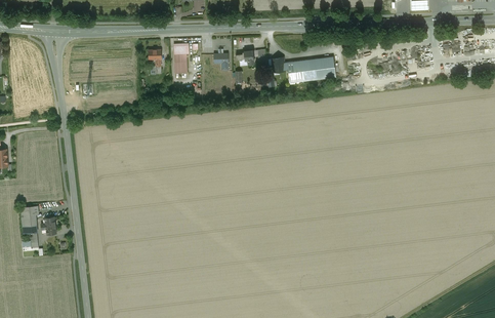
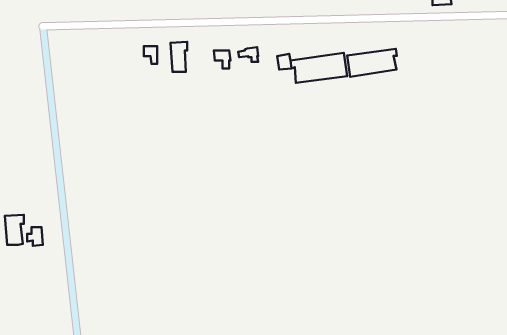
building: none -> [347,49,397,77]

